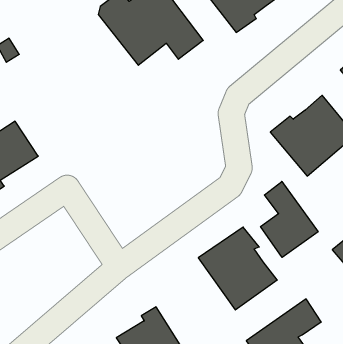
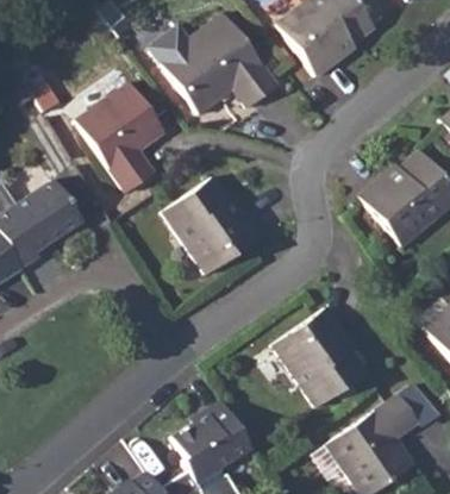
building: none -> [76,82,162,192]
building: none -> [164,176,262,274]
building: [261,181,318,257] -> none

